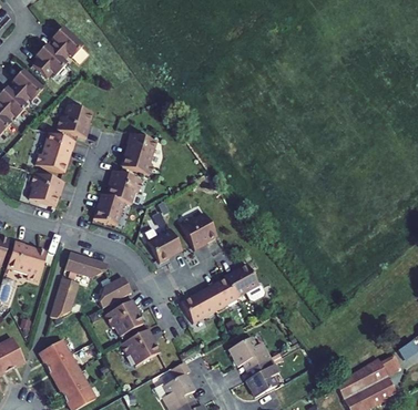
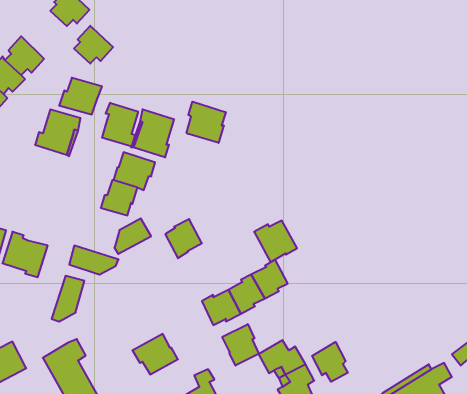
building: [30,44,64,78] -> [74,26,113,64]
building: none -> [187,102,226,143]
building: none -> [102,103,138,146]
building: [27,173,61,207] -> none
building: [177,214,215,250] -> [254,221,297,262]
building: [98,277,130,308] -> [114,219,151,254]
building: [103,300,142,337] -> none
building: none -> [222,324,259,366]
building: none -> [312,342,348,382]

